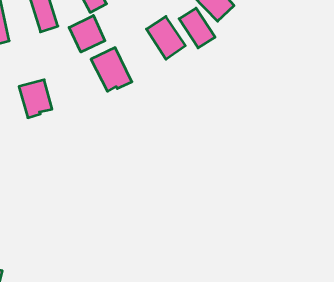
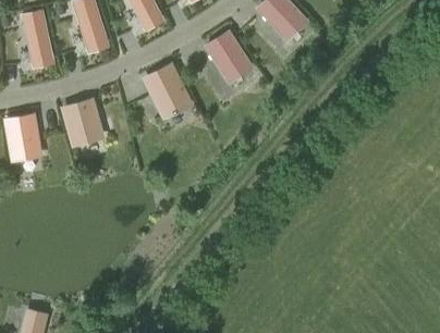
building: [179,8,215,48] -> none
building: [69,15,105,52] -> none

